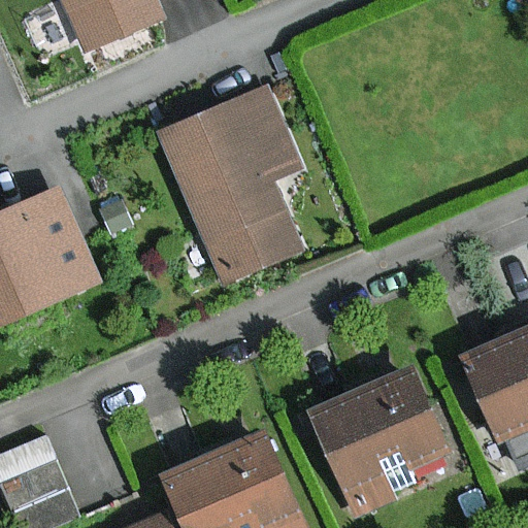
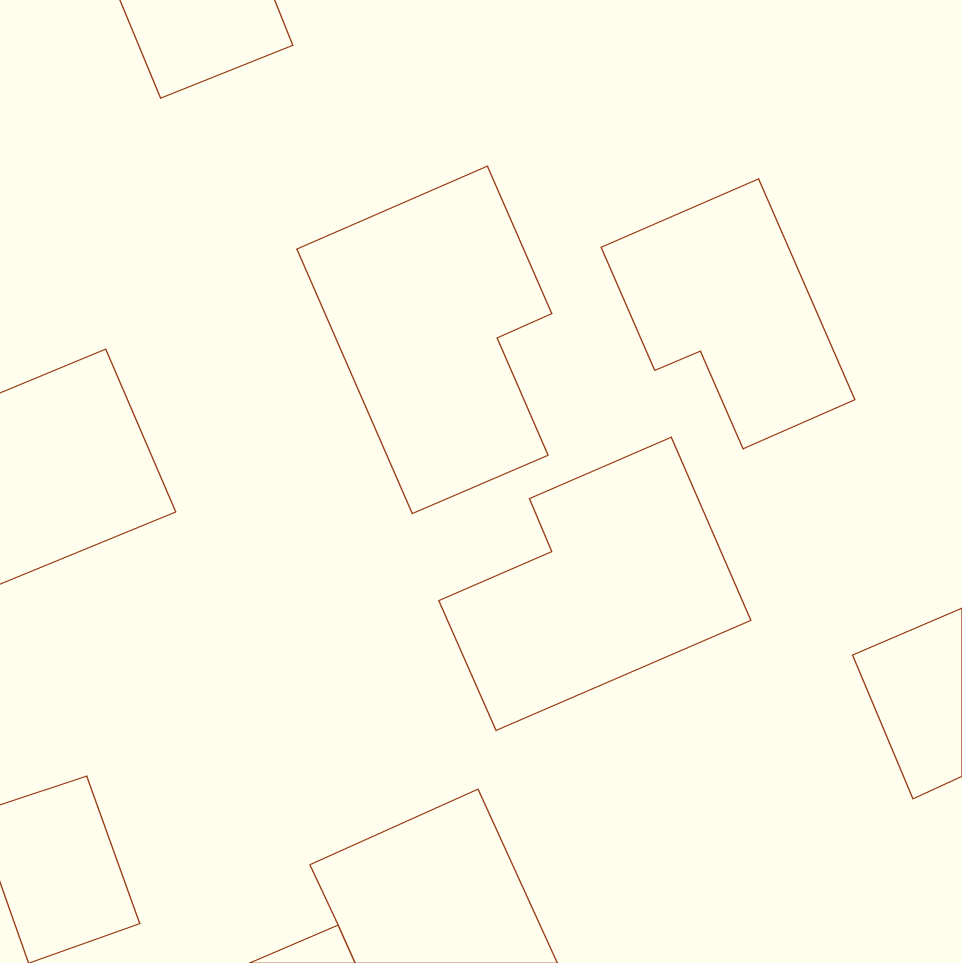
building: none -> [601,179,855,449]
building: none -> [439,437,751,731]
building: [312,373,446,500] -> none

